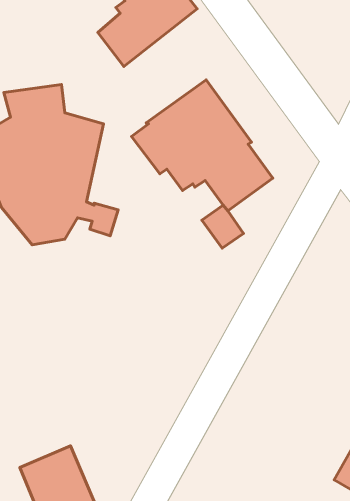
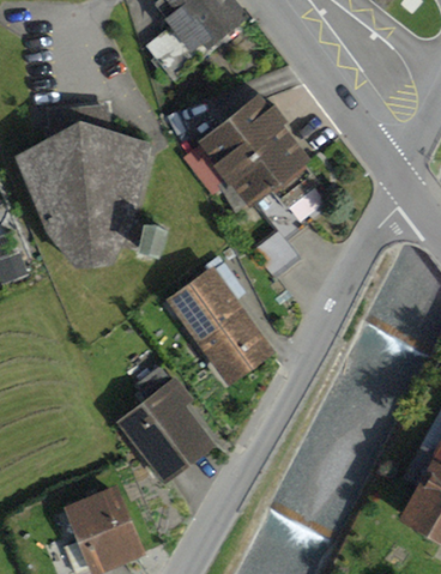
building: none -> [164,264,277,386]
building: none -> [116,374,217,484]

